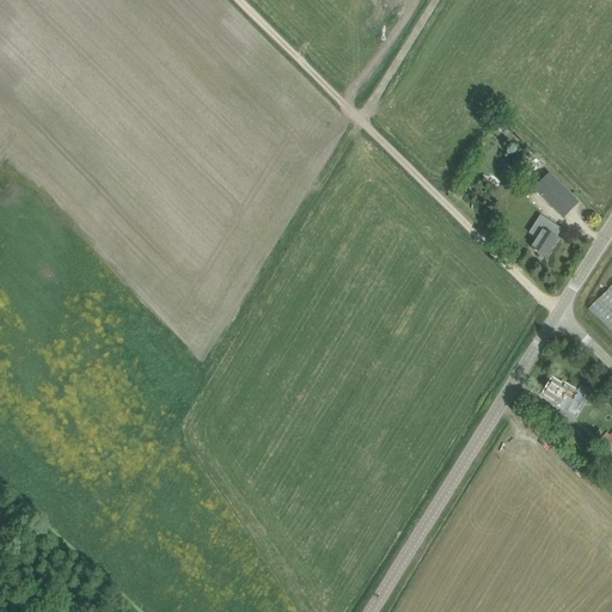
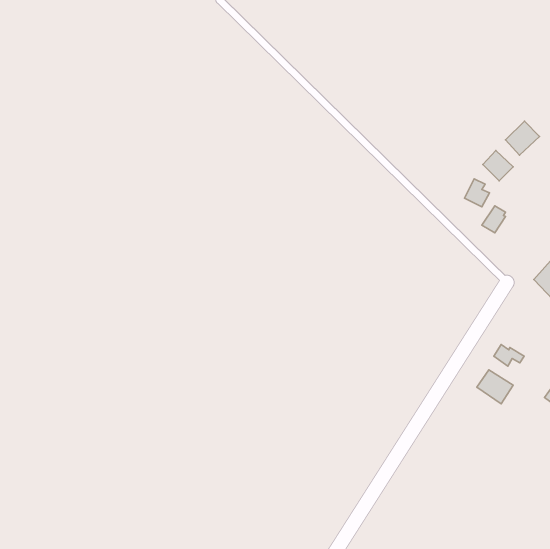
building: none -> [506,121,540,155]
building: none -> [477,370,513,404]

